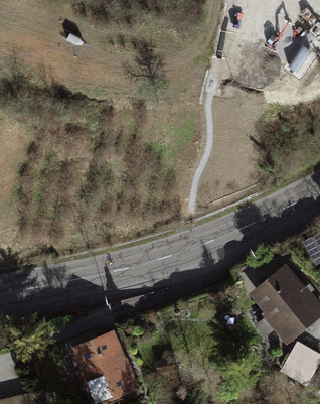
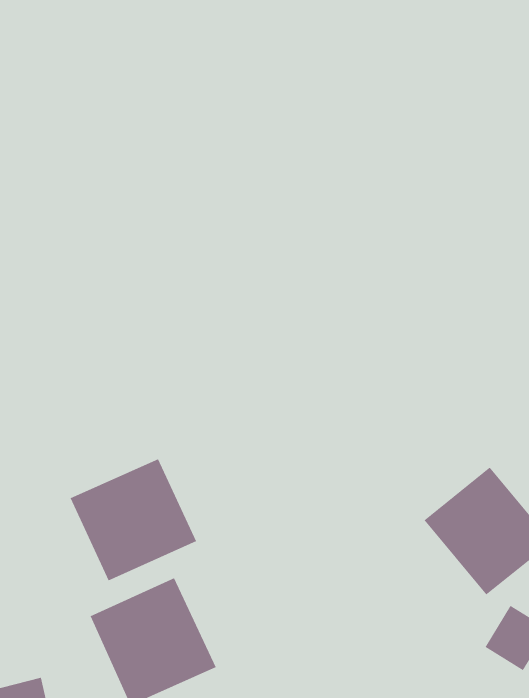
building: none -> [69,458,197,582]

